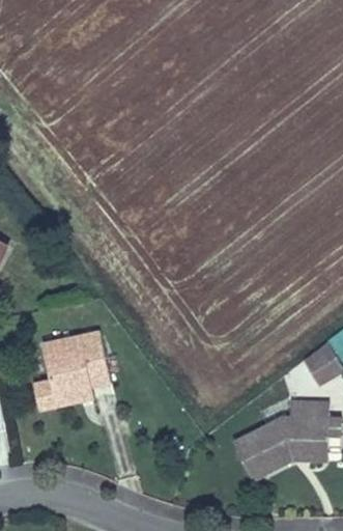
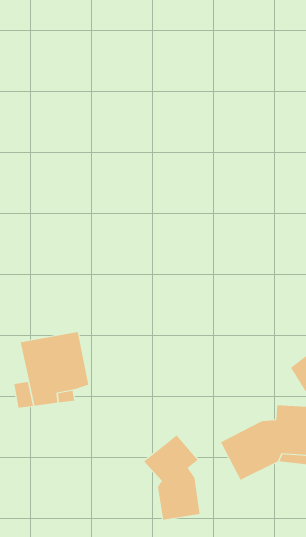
building: none -> [143,435,200,521]

